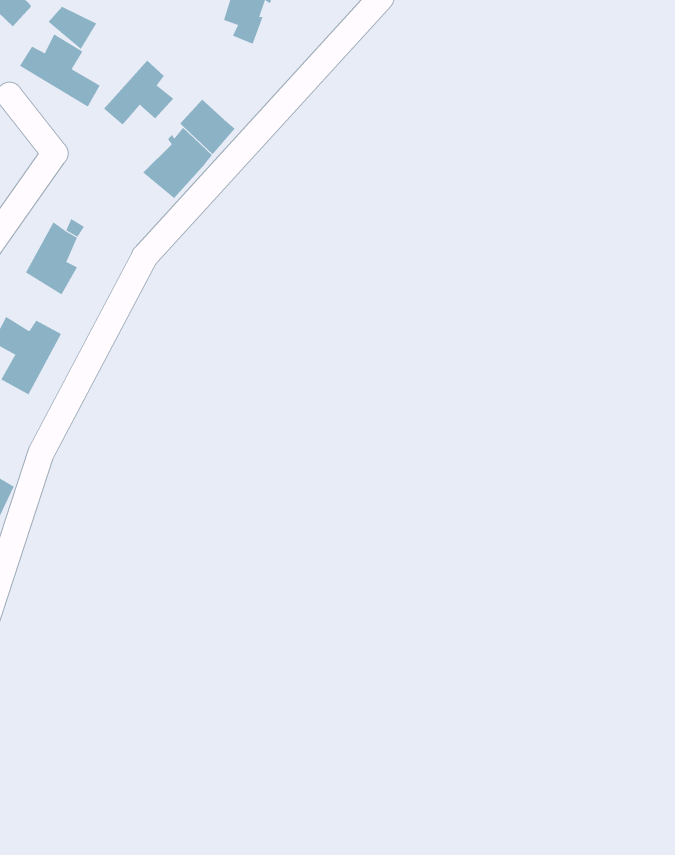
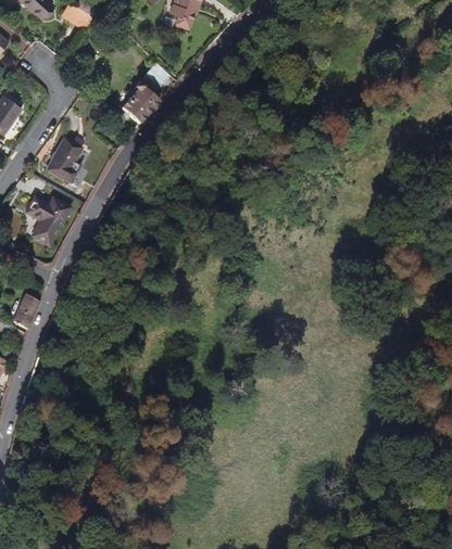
building: [19,33,101,107] -> none
building: [103,60,174,126] -> none

